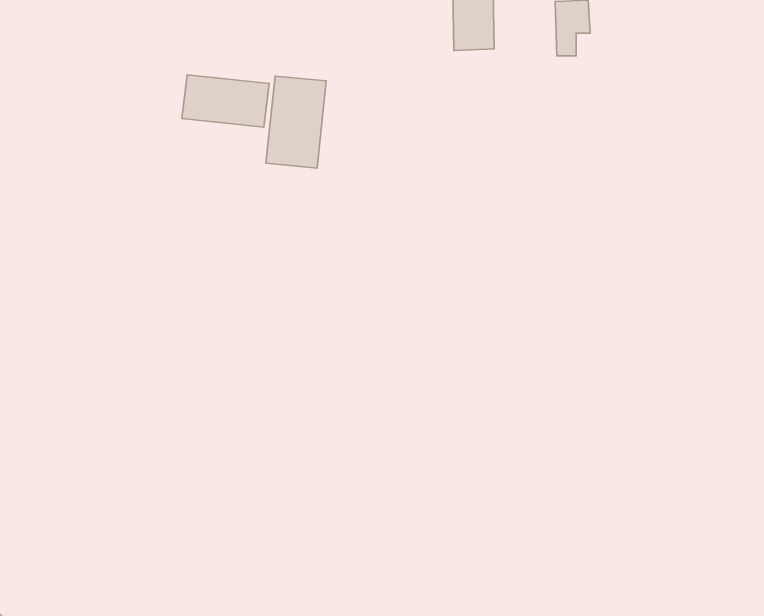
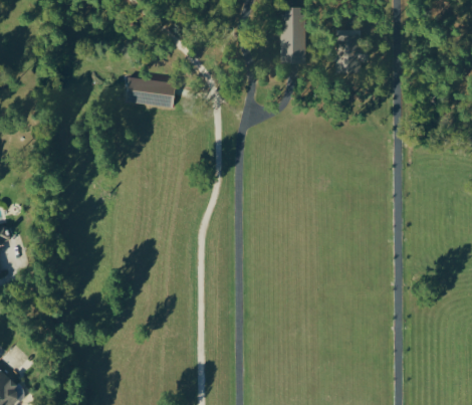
building: [266,76,326,168] -> none

